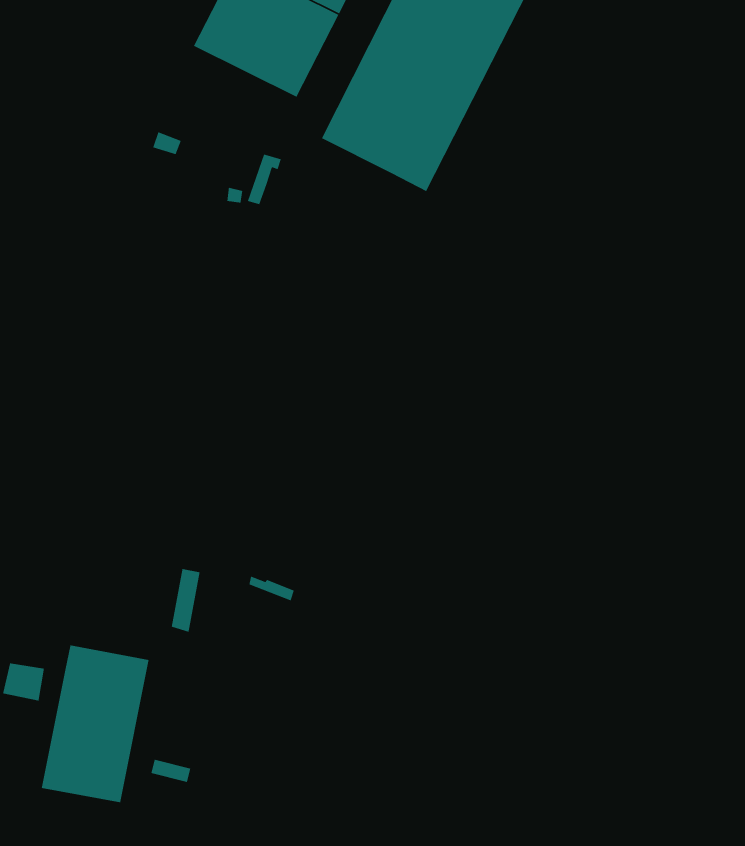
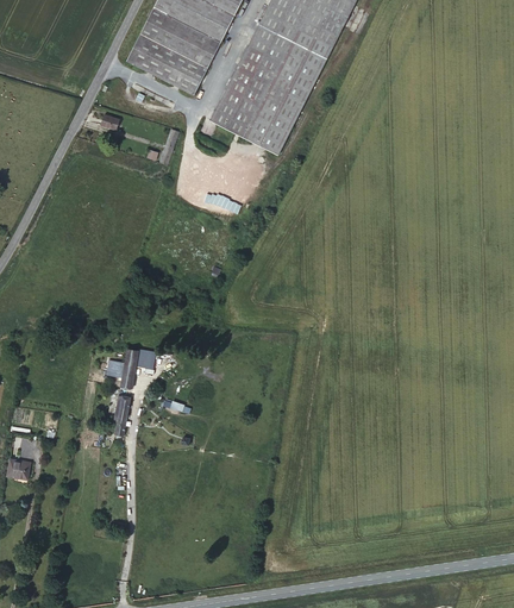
building: none -> [107,347,157,389]
building: [41,645,150,803] -> none

